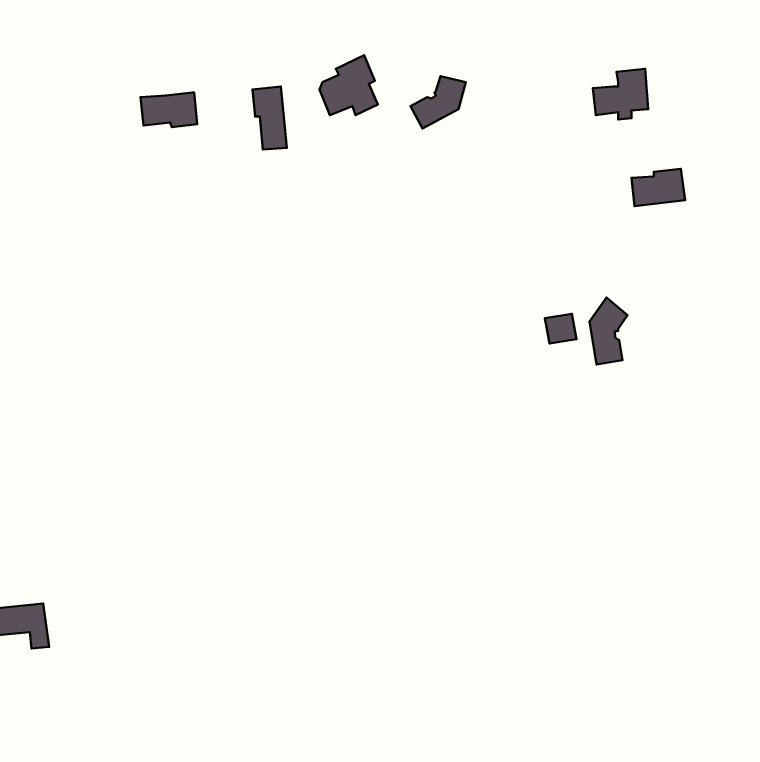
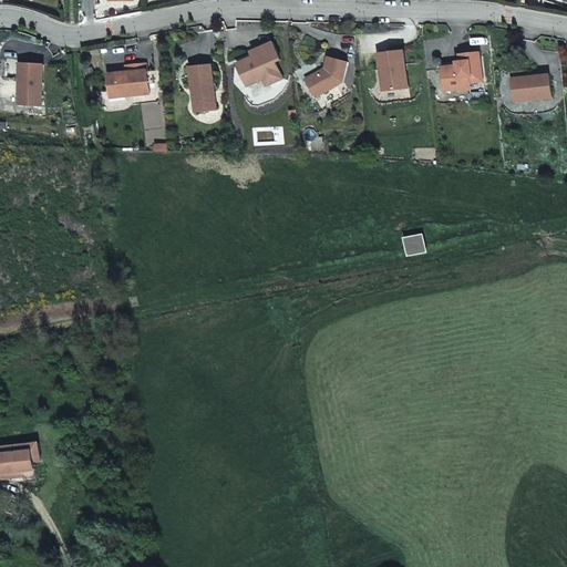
building: none -> [377,50,405,90]
building: none -> [18,63,42,106]
building: [632,169,685,206] -> [511,73,550,101]
building: [589,297,628,365] -> none

